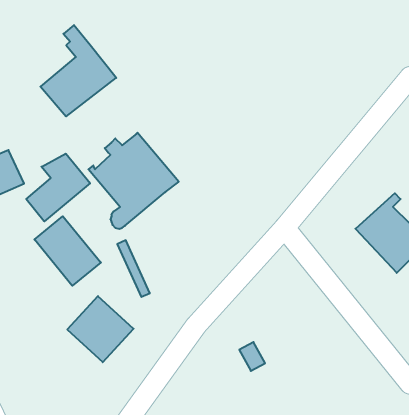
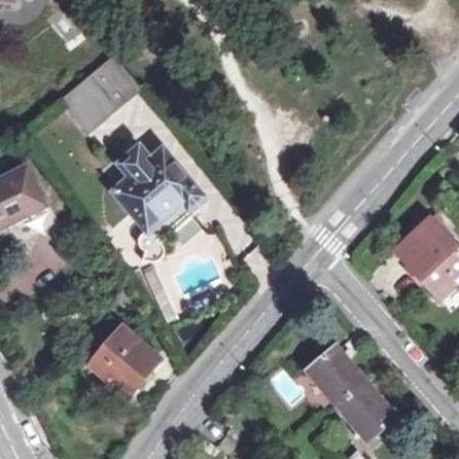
building: [26,154,90,221] -> none
building: [34,216,101,286] -> none
building: none -> [305,345,395,442]

